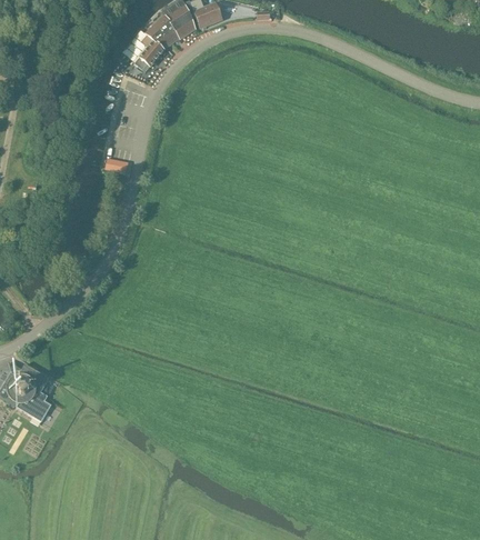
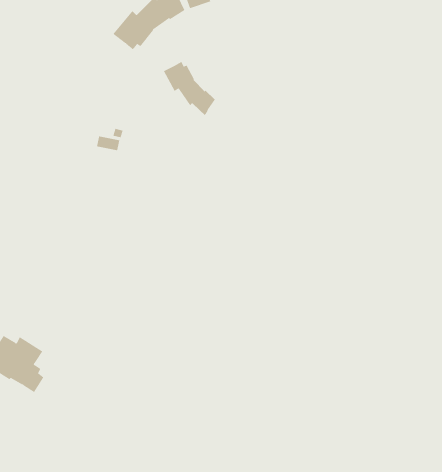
building: none -> [163,61,216,116]

